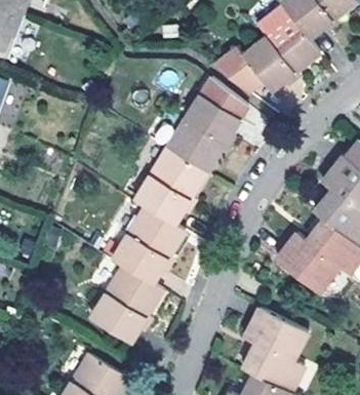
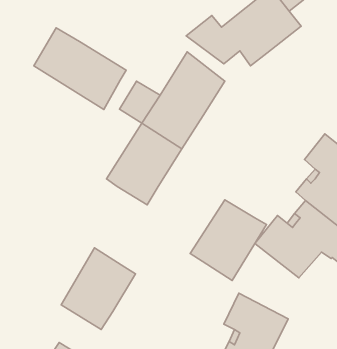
building: none -> [34,28,126,110]
building: [112,205,185,282] -> [190,200,267,280]

